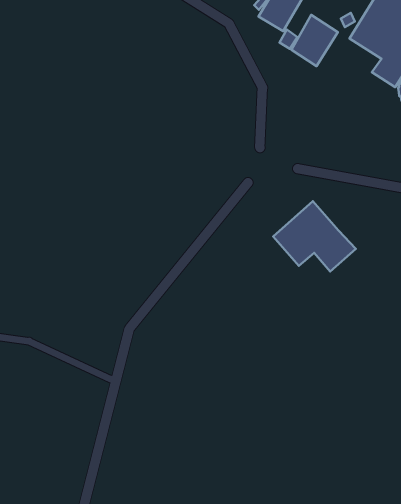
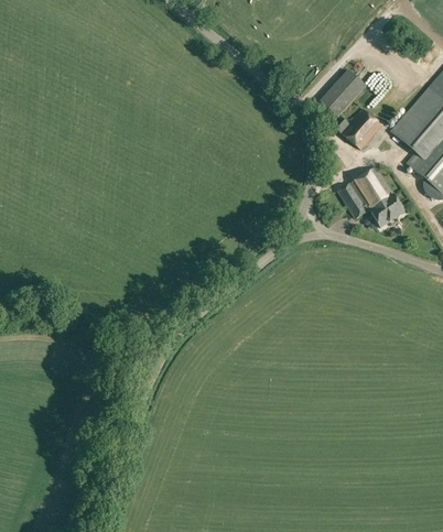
building: [273,201,356,271] -> [338,167,406,228]

